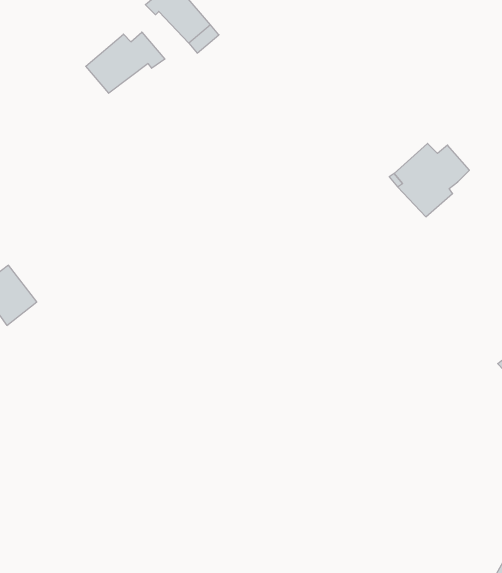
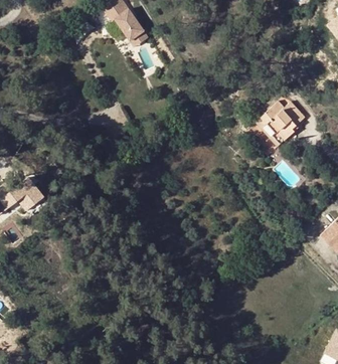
building: [86,32,165,93] -> none

